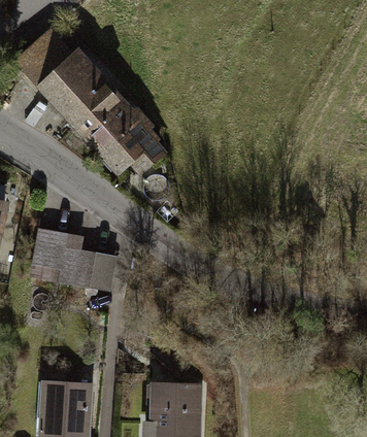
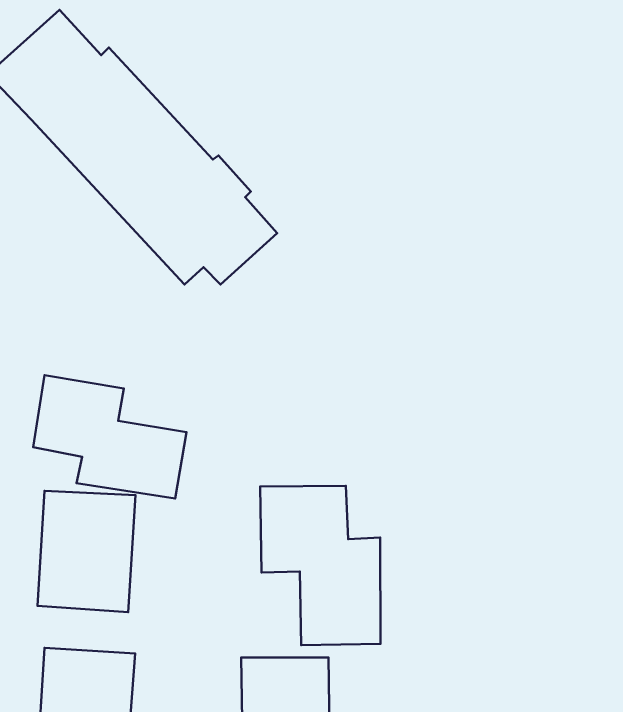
building: none -> [260,486,380,645]
building: none -> [37,491,136,612]

